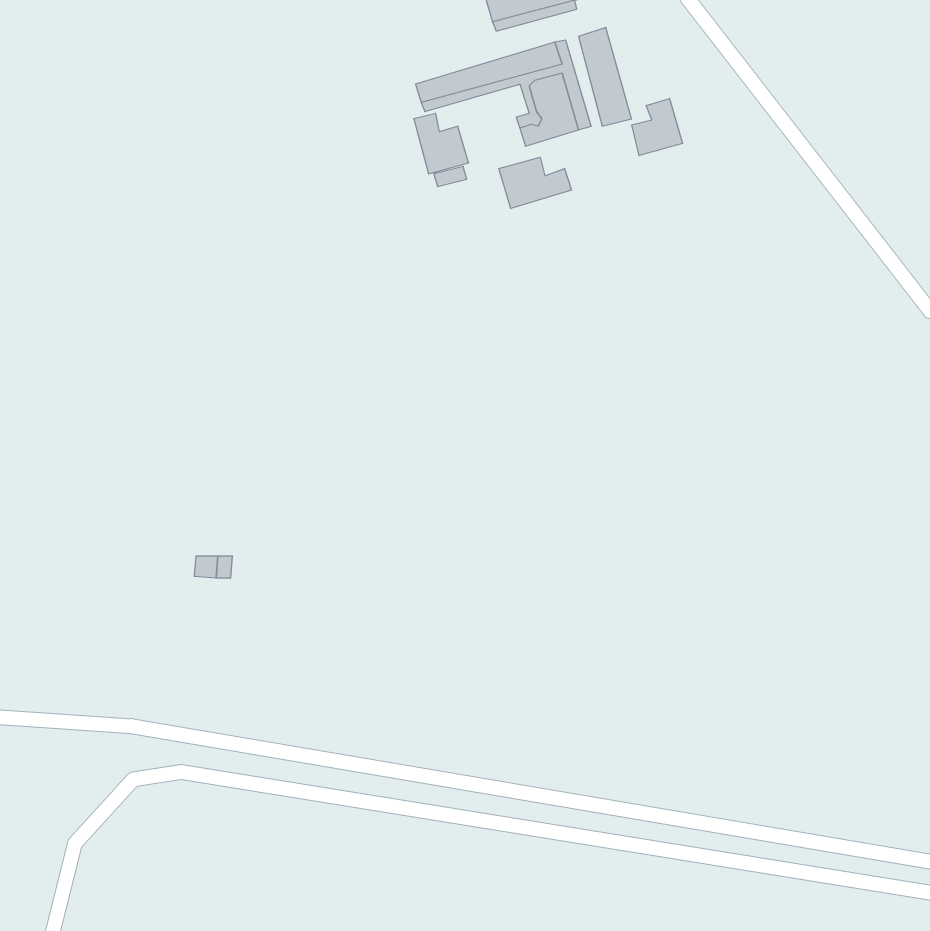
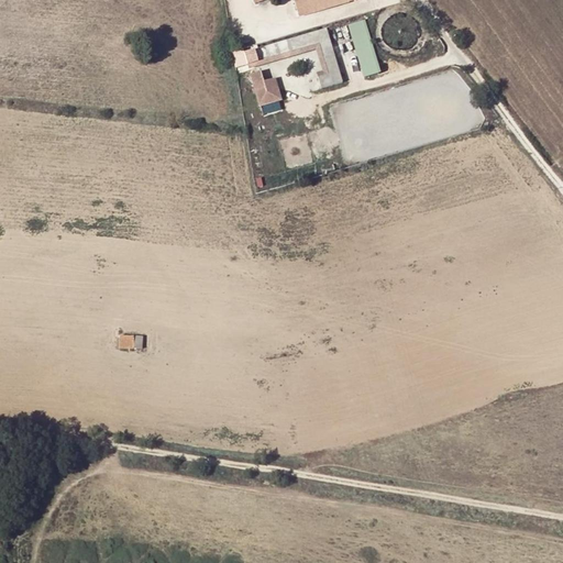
building: [632,98,682,156] -> none
building: [499,157,572,209] -> none

